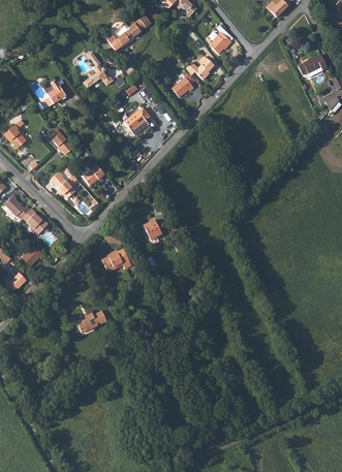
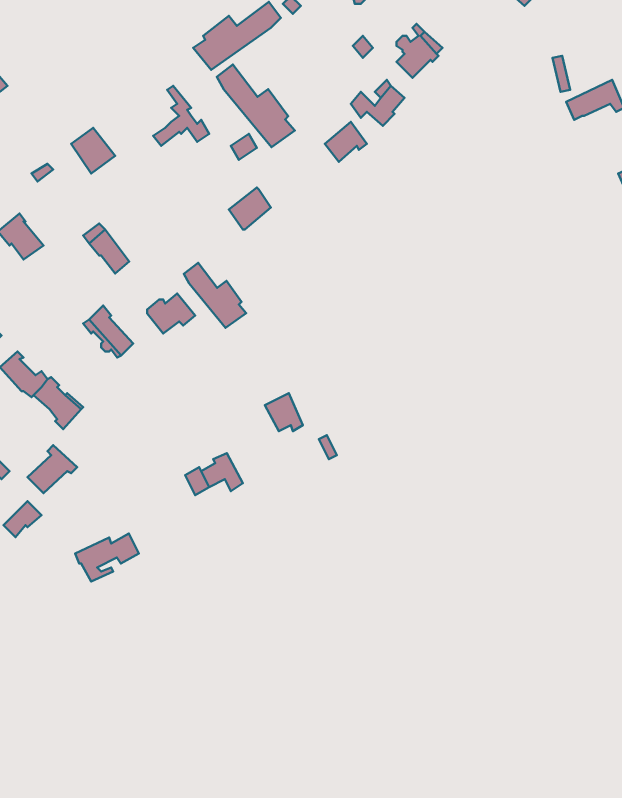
building: none -> [217,65,295,147]
building: none -> [184,263,246,328]
building: [74,310,107,335] -> [75,534,139,582]

